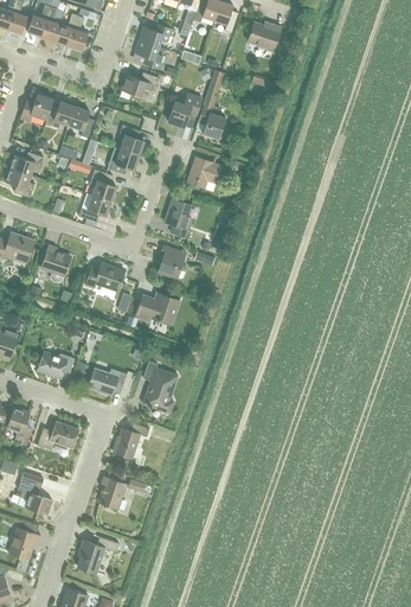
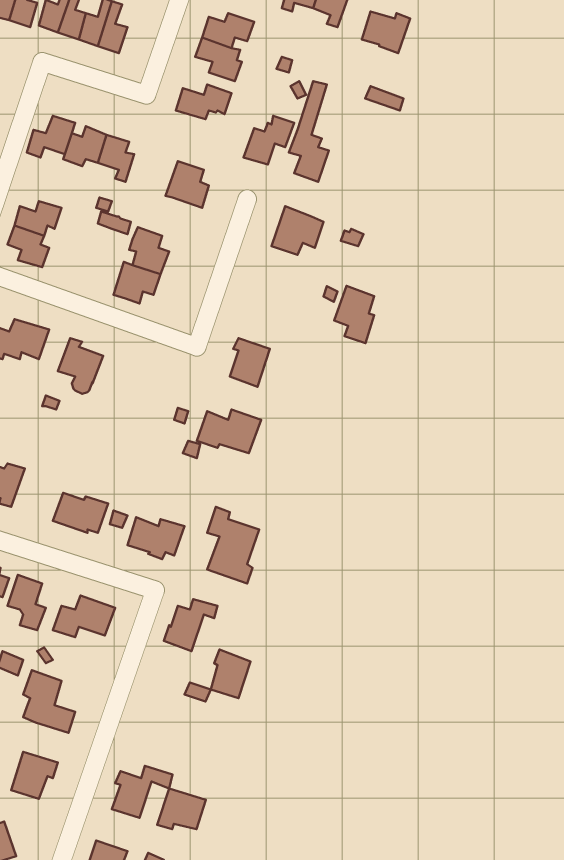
building: [107,147,139,173] -> none
building: [163,197,191,236] -> [334,286,374,343]
building: [85,262,124,289] -> none
building: [98,474,126,507] -> [211,649,251,698]
building: none -> [157,788,206,829]

